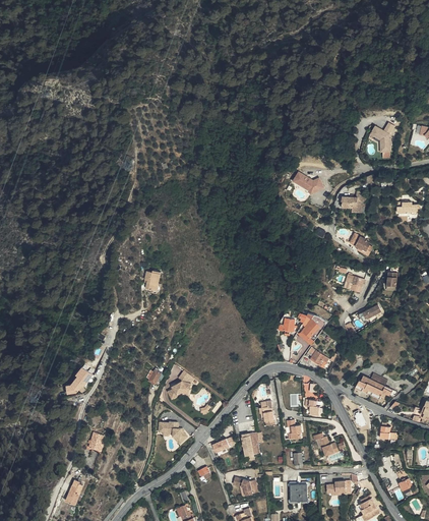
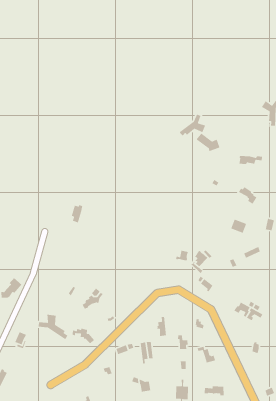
building: none -> [179,113,206,137]
building: none -> [38,314,69,340]

